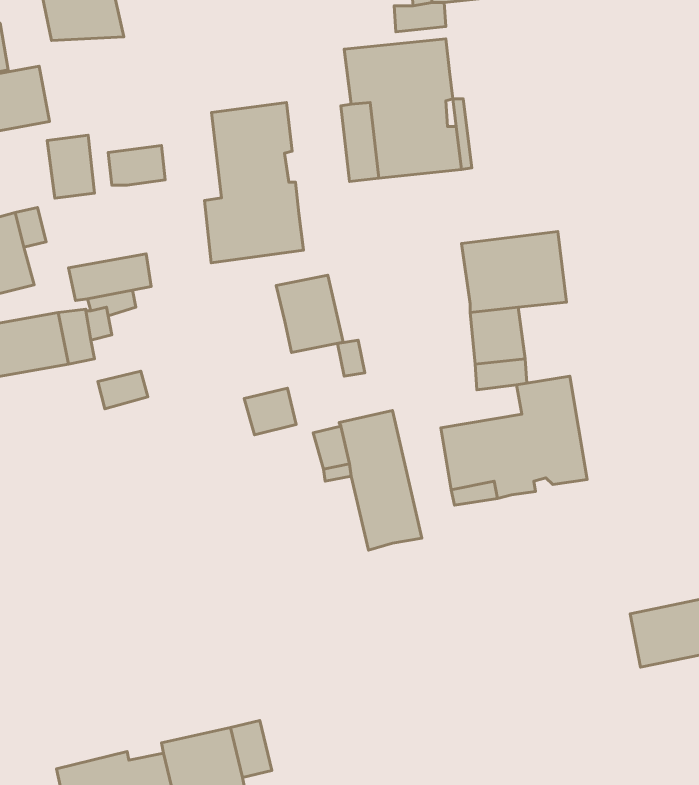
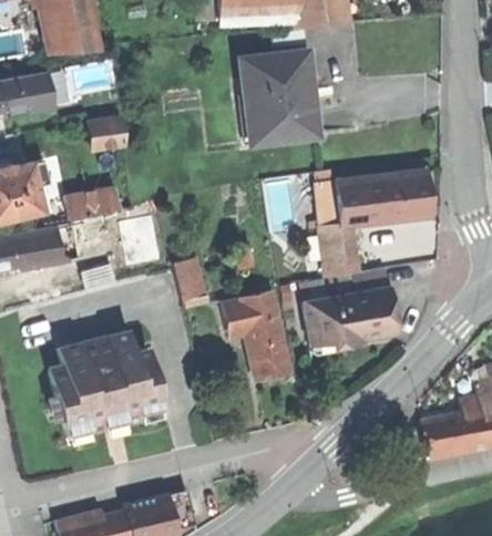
building: [204,103,303,263] -> none
building: [47,135,95,198] -> none
building: none -> [378,169,430,220]
building: [276,275,343,353] -> [119,215,162,265]
building: none -> [49,332,161,433]

